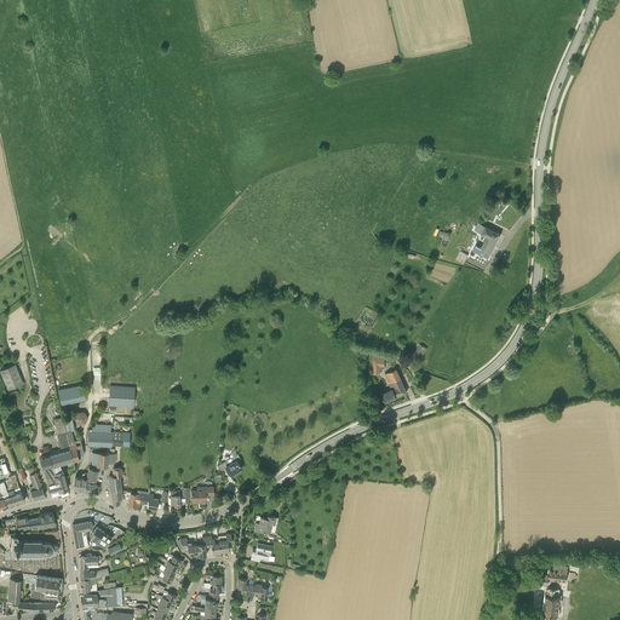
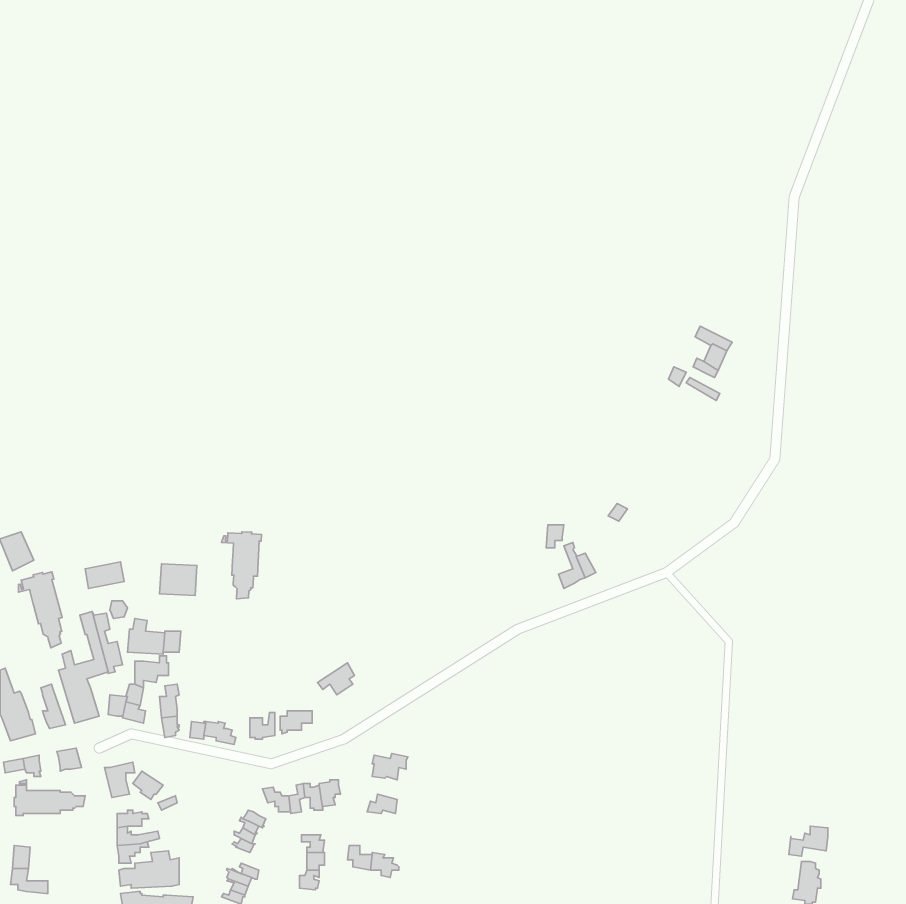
building: none -> [222,532,261,599]
building: none -> [18,572,62,648]
building: [25,575,62,601] -> none

